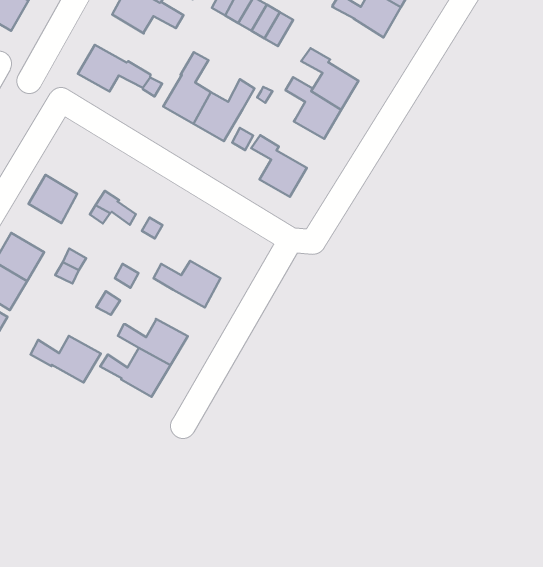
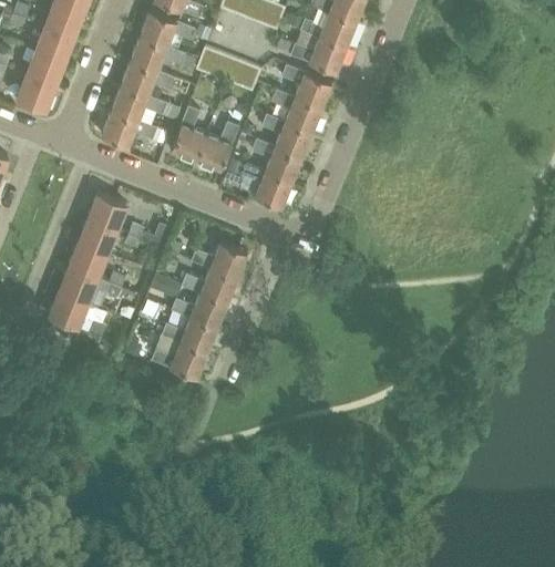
building: none -> [112,85,168,121]
building: none -> [284,63,331,109]
building: none -> [254,137,300,182]
building: none -> [89,193,125,228]
building: none -> [69,241,106,277]
building: none -> [194,241,247,277]
building: [30,336,101,382] -> [173,291,227,326]

